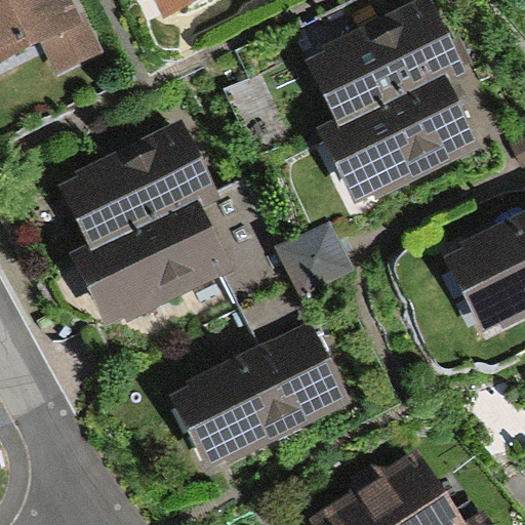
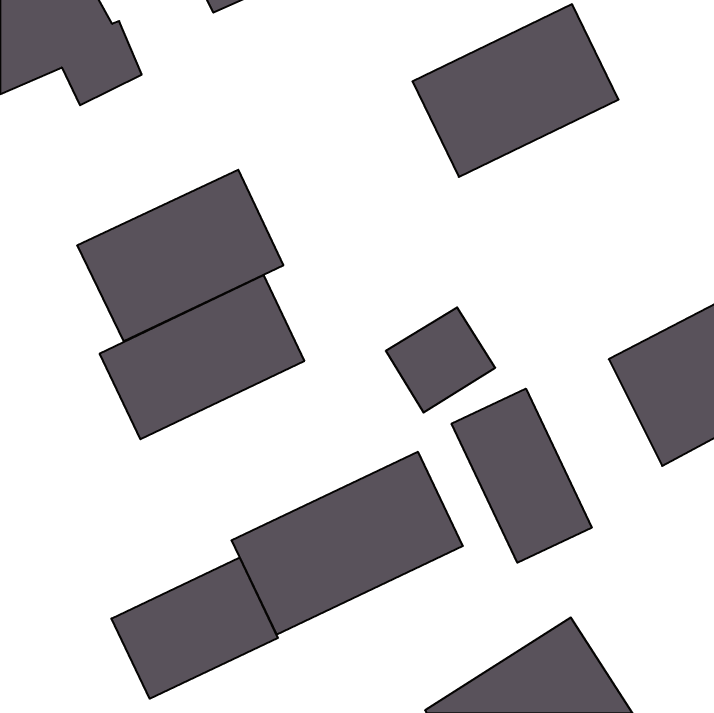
building: [319,81,470,201] -> none
building: none -> [452,389,592,563]
building: none -> [111,558,278,699]

